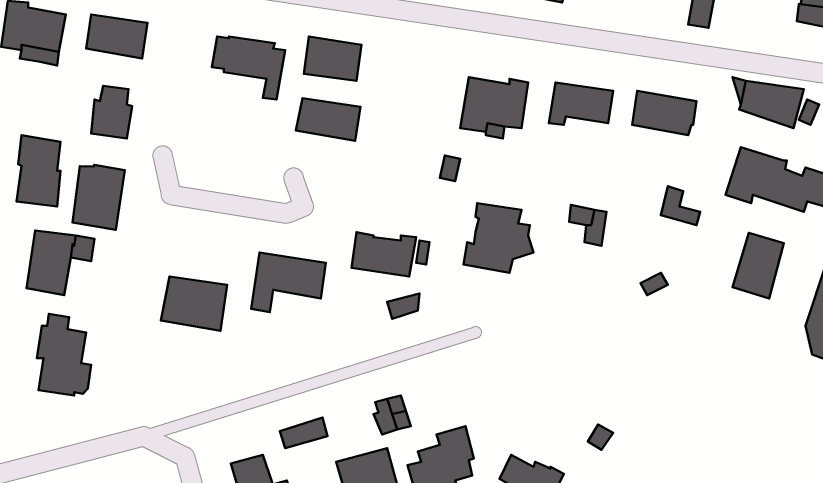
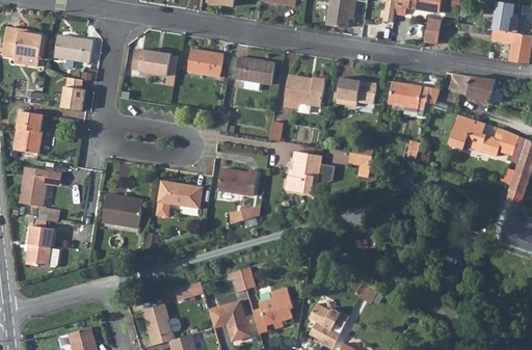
building: [296,98,360,141] -> [236,56,275,82]
building: [72,165,125,230] -> none
building: [733,233,784,298] -> none

